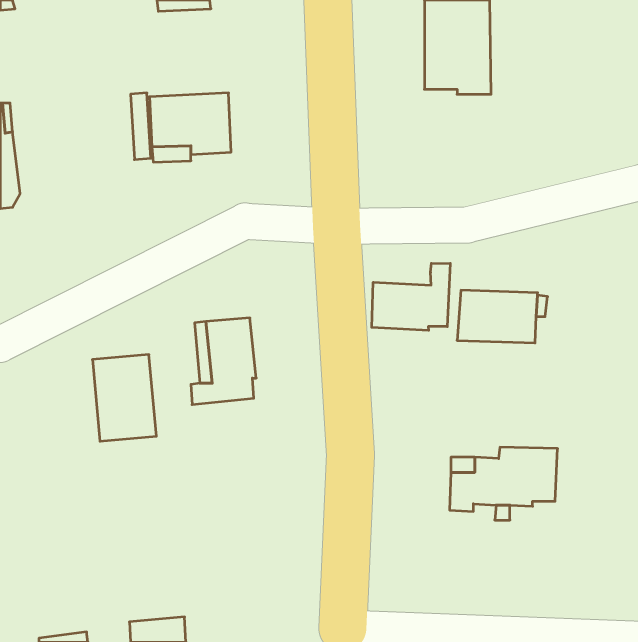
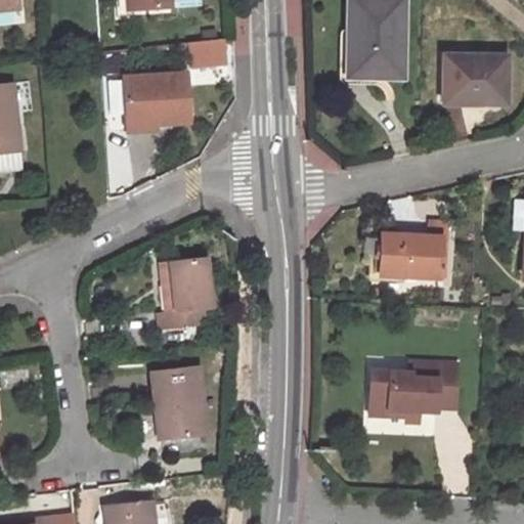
building: none -> [191,40,228,69]
building: none -> [446,49,509,97]
building: [372,263,450,330] -> none
building: [92,355,156,441] -> [154,365,206,436]

